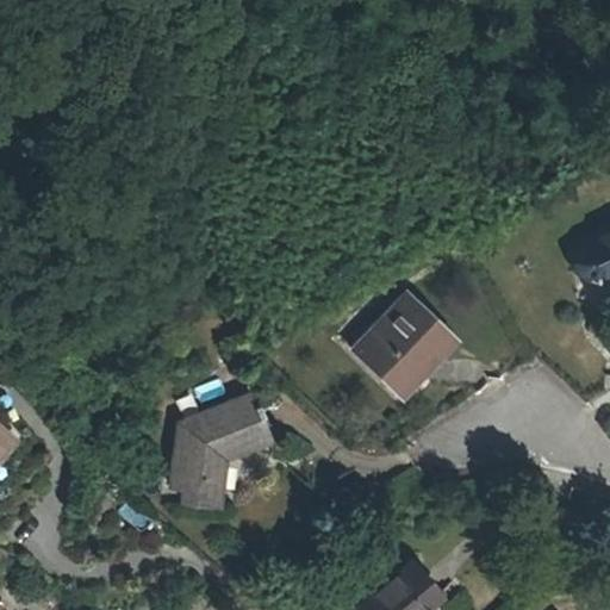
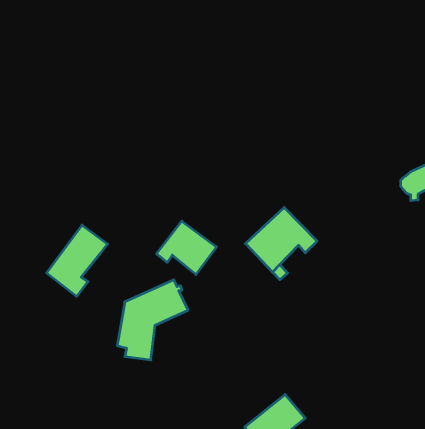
building: none -> [157,221,217,275]
building: none -> [47,225,108,296]

